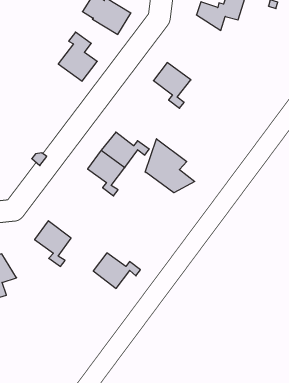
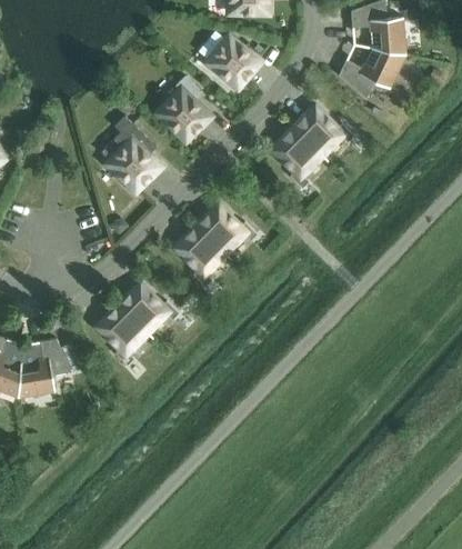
building: none -> [292,108,352,154]
building: none -> [99,116,155,189]
building: [145,139,195,193] -> none
building: [93,253,140,288] -> [118,286,177,331]

